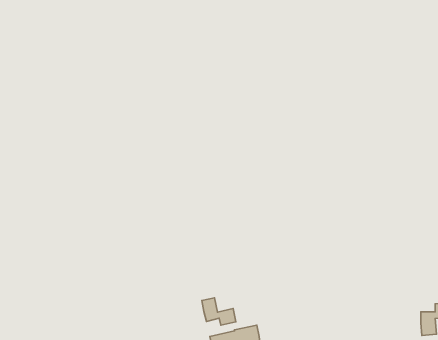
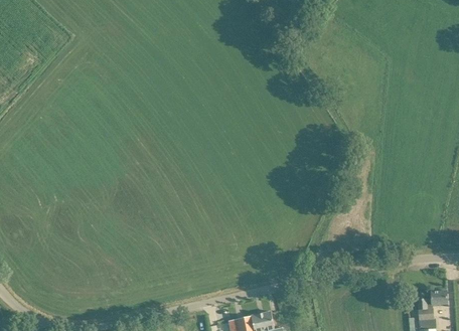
building: [202,298,236,325] -> none

